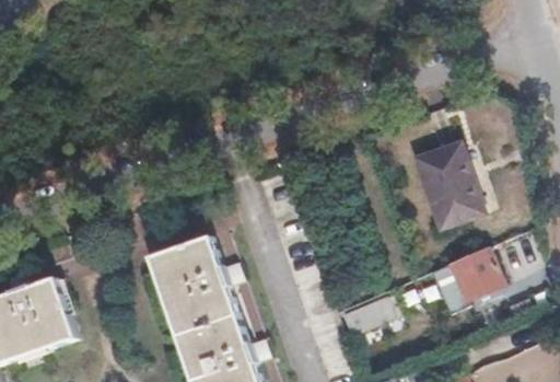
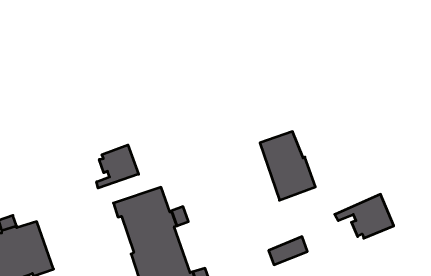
building: [413,143,482,229] -> [260,132,315,200]
building: none -> [97,145,139,188]

